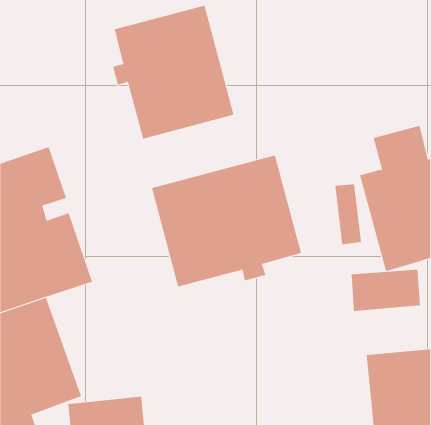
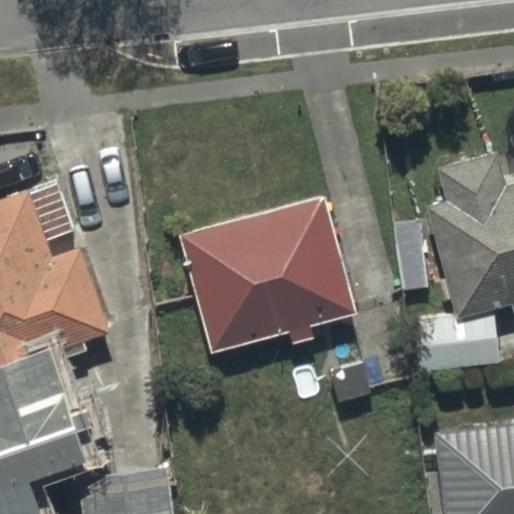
building: [113,5,234,139] -> none

